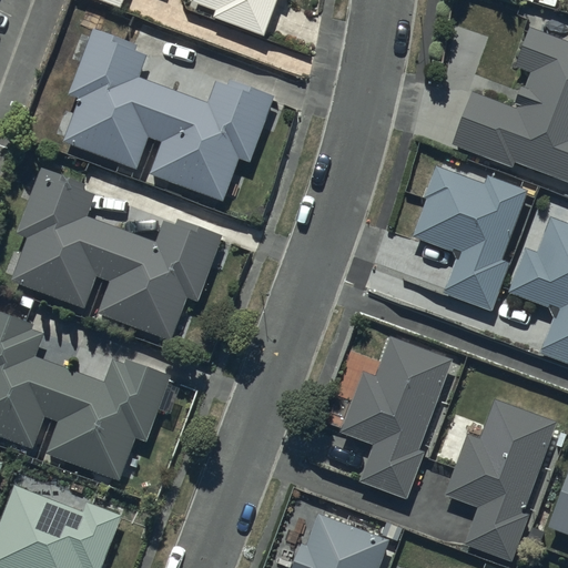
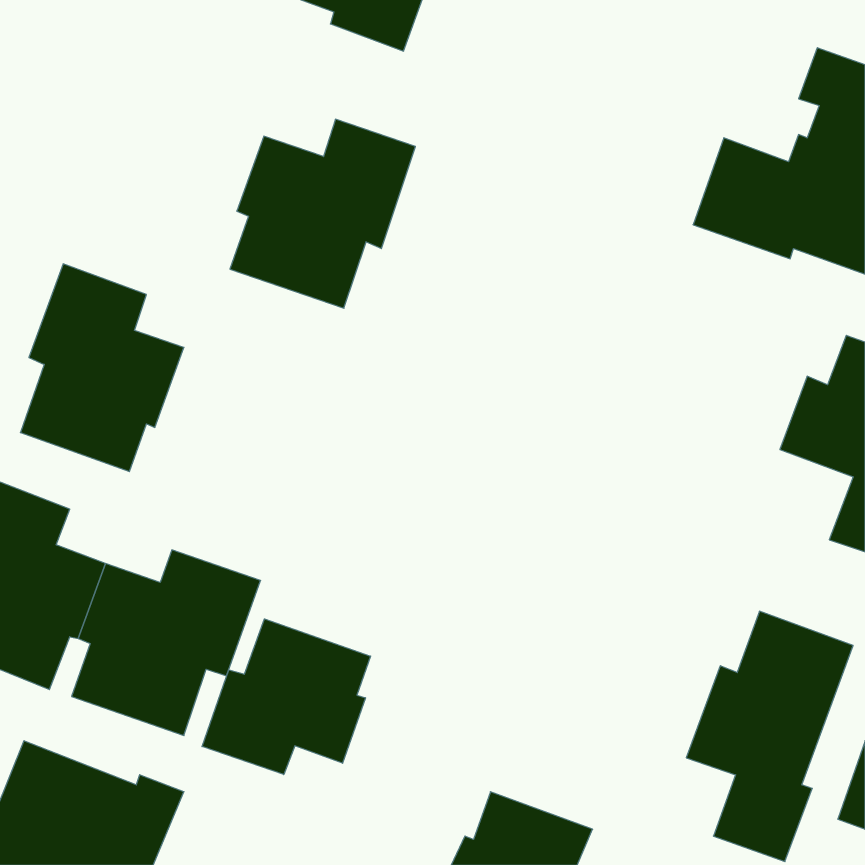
building: [63,32,172,165] -> none
building: [415,163,525,310] -> none
building: [97,220,220,339] -> none
building: [339,337,450,497] -> none
building: none -> [202,619,371,775]

